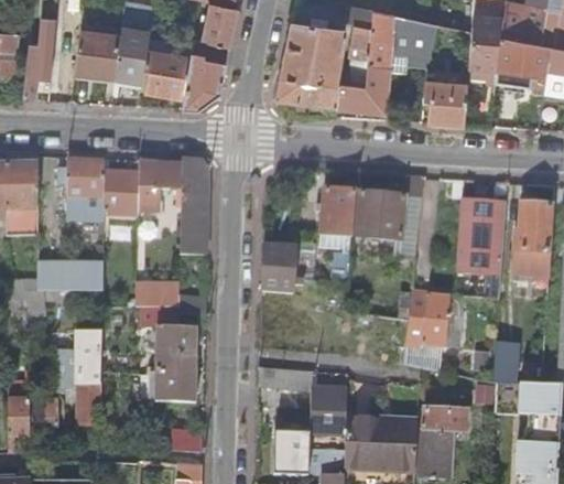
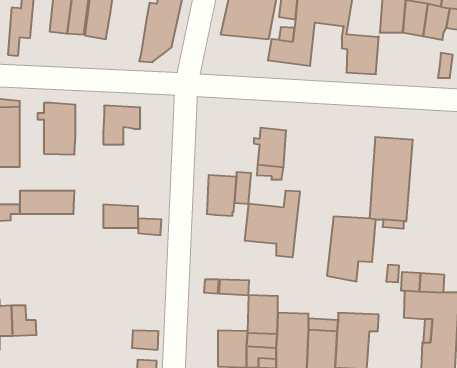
building: [143,50,189,98] -> none
building: [273,76,338,107] -> none
building: [181,157,207,254] -> none
building: [104,171,139,216] -> none
building: [358,175,424,255] -> [245,191,300,257]
building: [513,197,554,270] -> none
building: [155,325,197,404] -> none
building: [51,349,101,426] -> none

